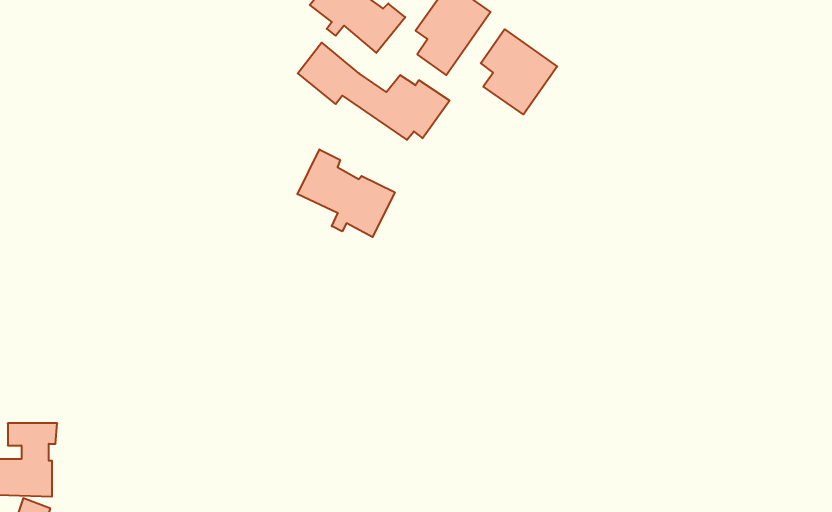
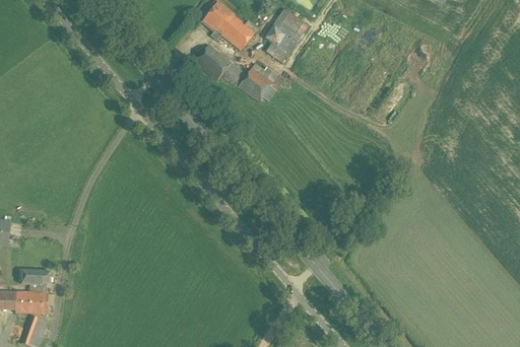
building: [481,29,557,114] -> none
building: [297,149,395,237] -> none

